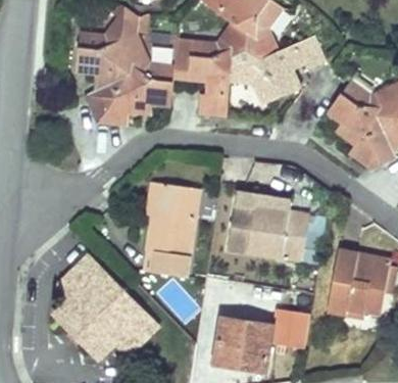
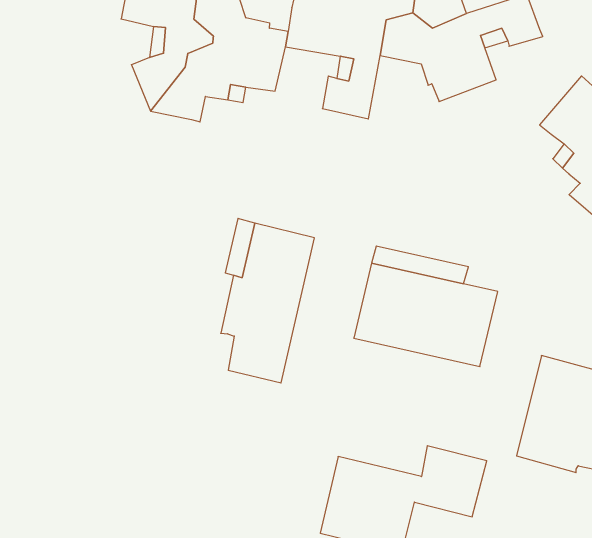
building: [56,253,159,356] -> none

